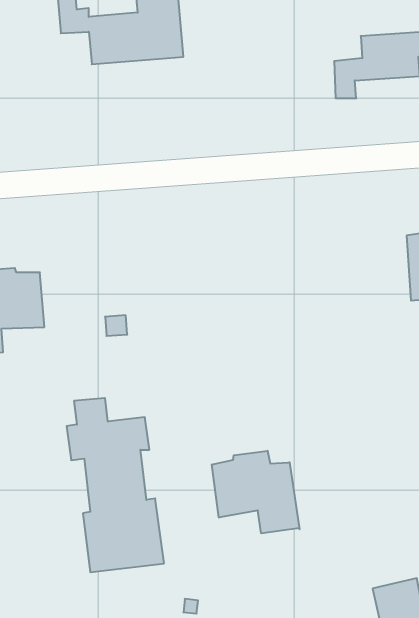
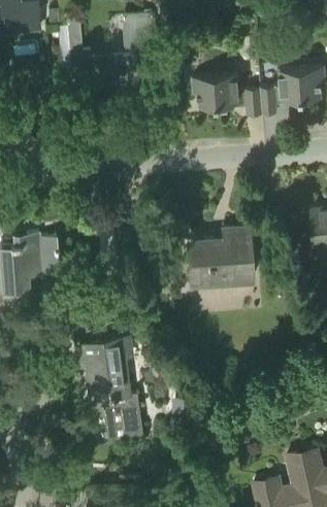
building: none -> [193,74,263,116]
building: none -> [188,228,252,285]
building: [212,451,299,533] -> none

